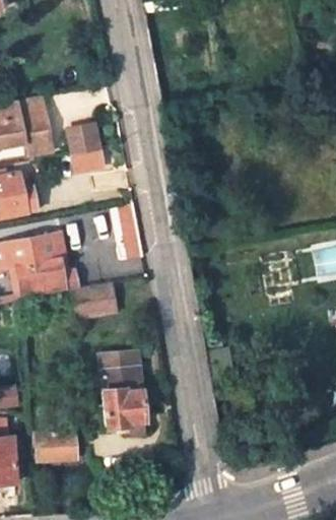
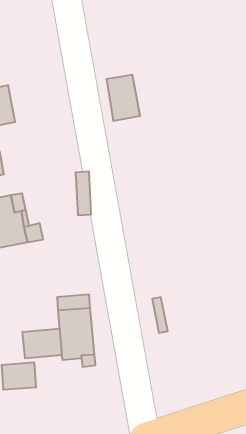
building: [68,121,108,175] -> [106,75,140,121]
building: [75,285,116,318] -> none
building: none -> [22,329,62,358]

